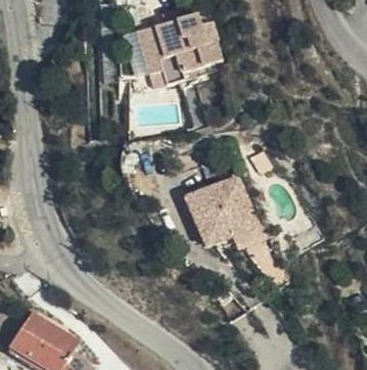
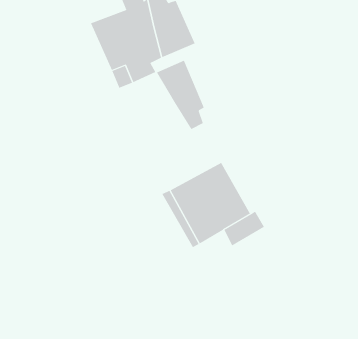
building: none -> [156,60,205,130]

